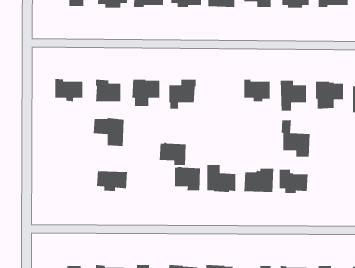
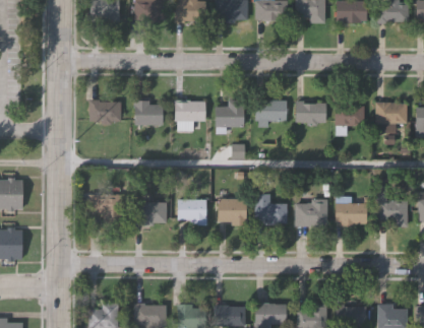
building: none -> [255,100,286,121]
building: [93,117,124,147] -> [89,192,124,224]
building: [281,120,310,158] -> [376,186,409,227]
building: [159,142,187,166] -> [179,197,209,223]

